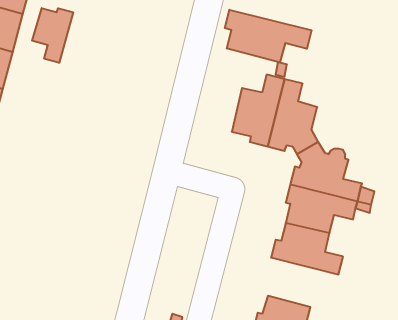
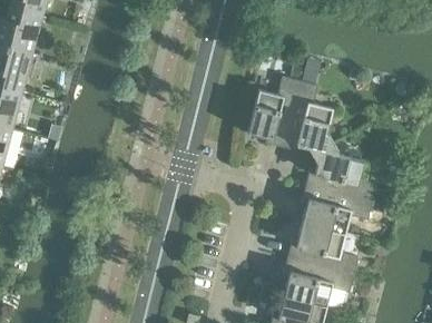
building: [32,8,73,63] -> none
building: [225,10,312,63] -> none
building: none -> [281,258,352,307]

